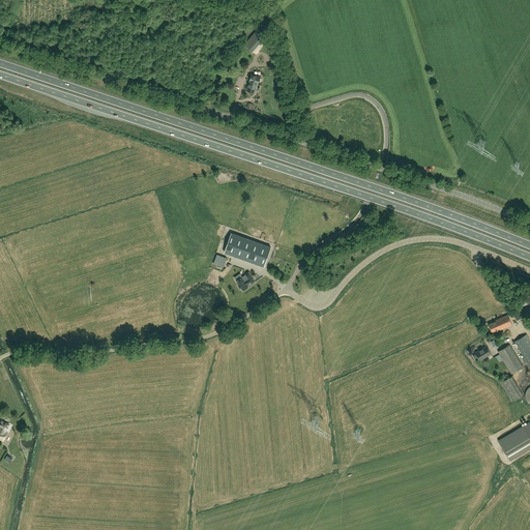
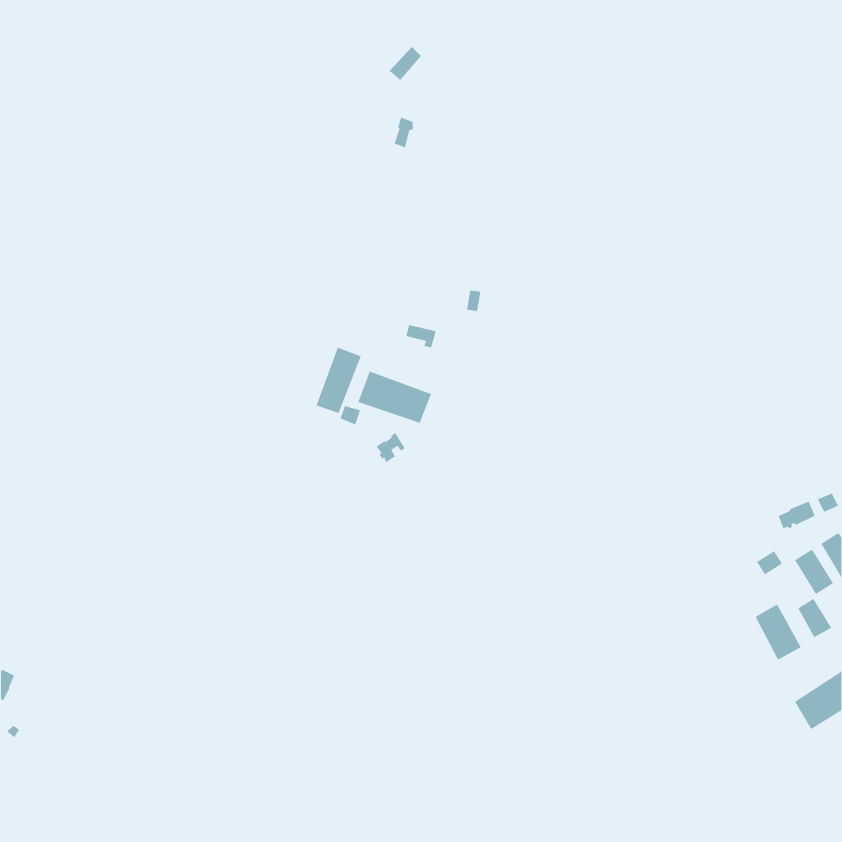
building: none -> [316,347,362,414]
building: none -> [755,604,802,661]

